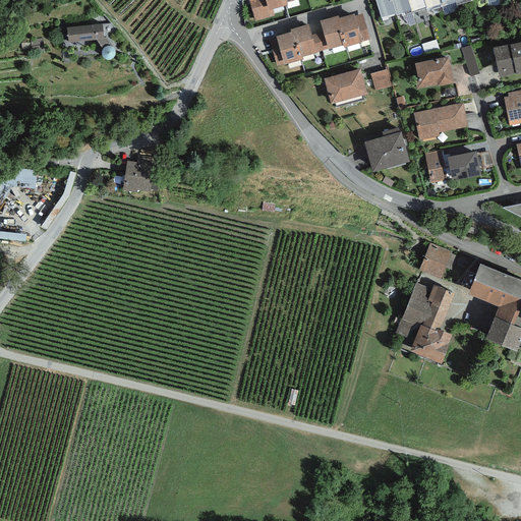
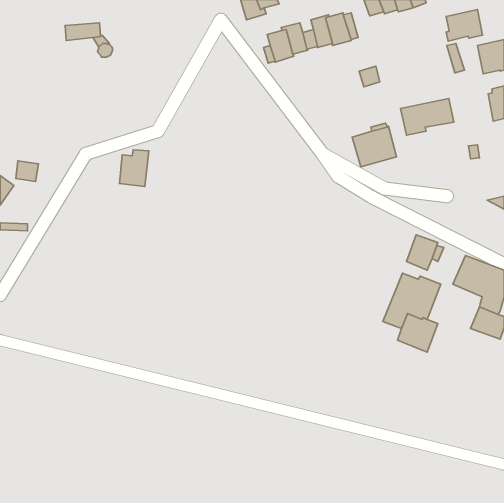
building: [415,56,453,89] -> [446,10,483,41]
building: [324,68,367,103] -> none
building: [424,149,480,182] -> none

